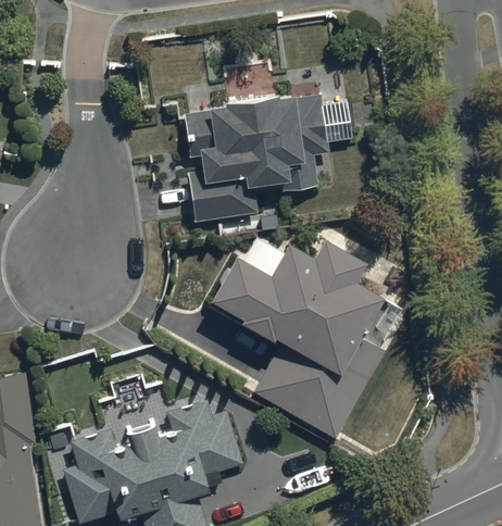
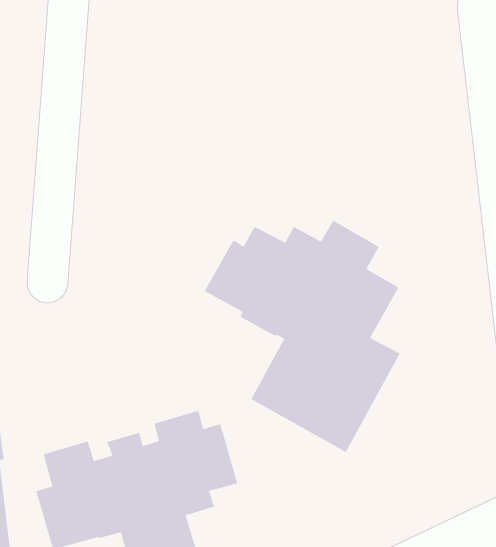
building: [184,92,351,225] -> none

